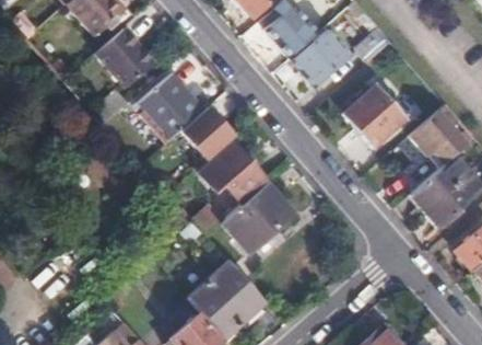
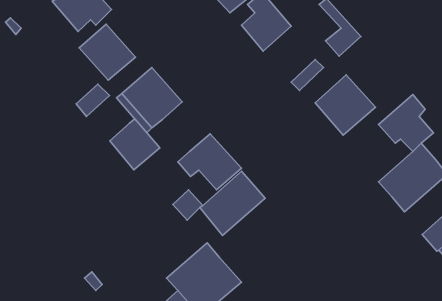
building: [294,30,352,88] -> none
building: [184,106,236,160] -> [110,119,160,170]

